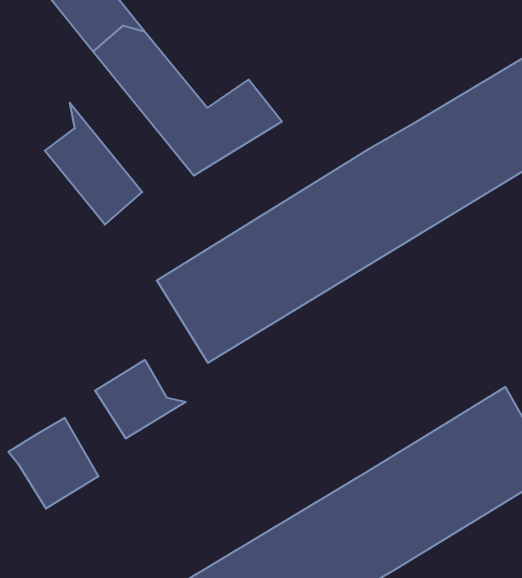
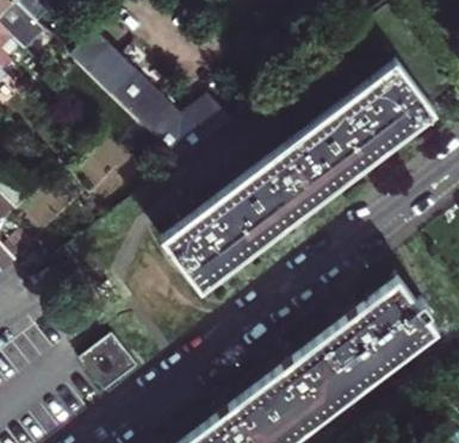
building: [45,103,142,225] -> none
building: [95,360,186,439] -> none

